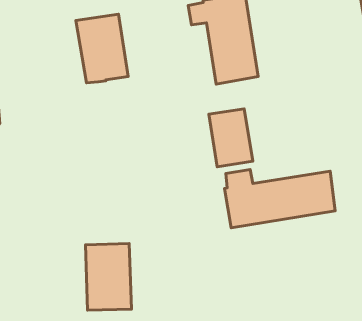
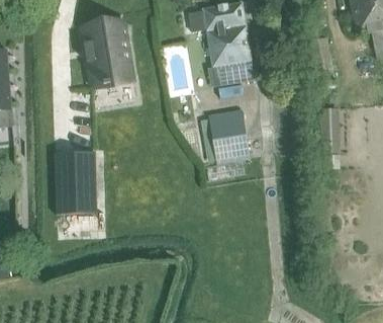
building: [224,170,335,228] -> none
building: [85,244,131,310] -> [54,152,97,215]

